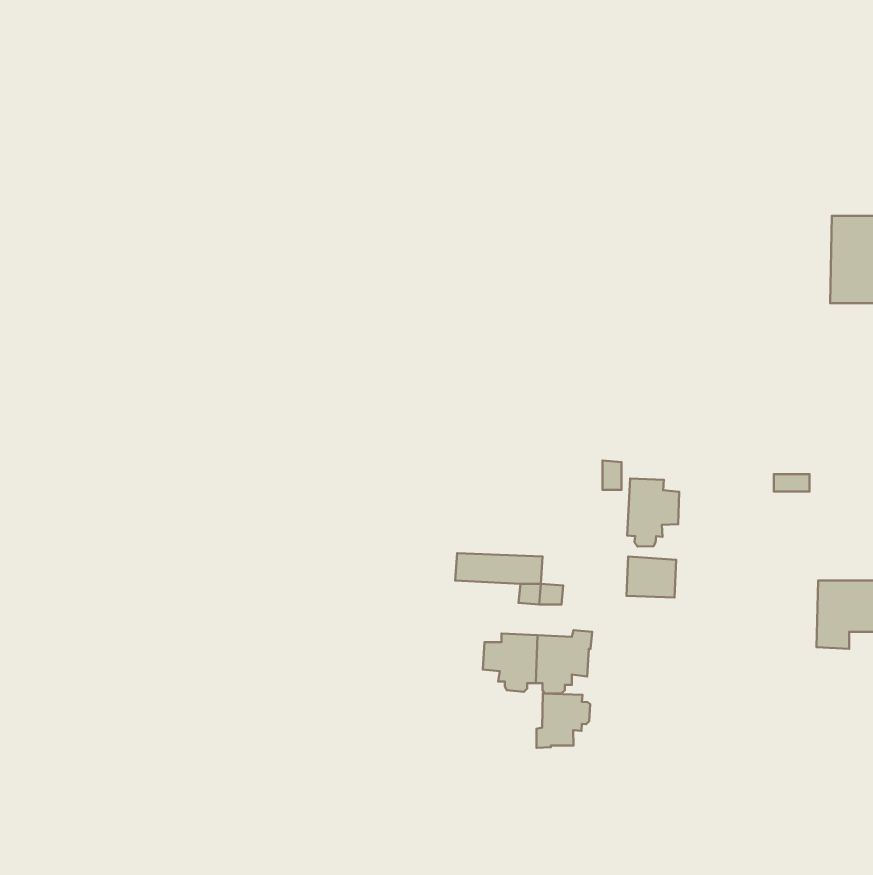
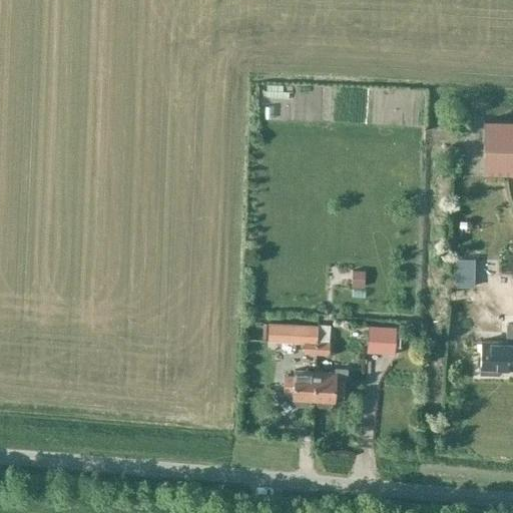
building: [627,478,679,547] -> none
building: [536,693,590,748] -> none

